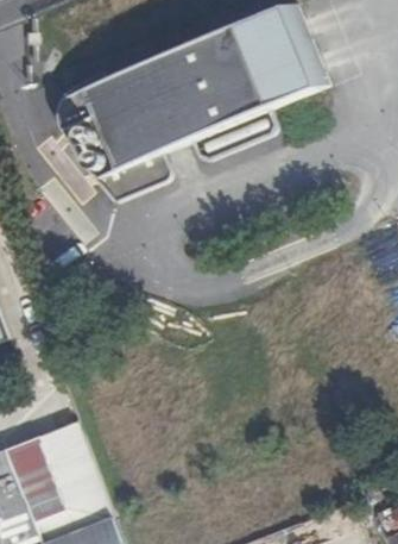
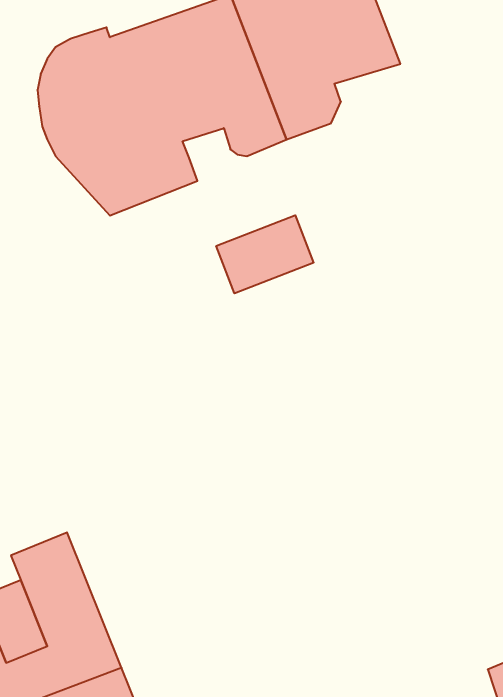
building: none -> [216,215,314,293]

